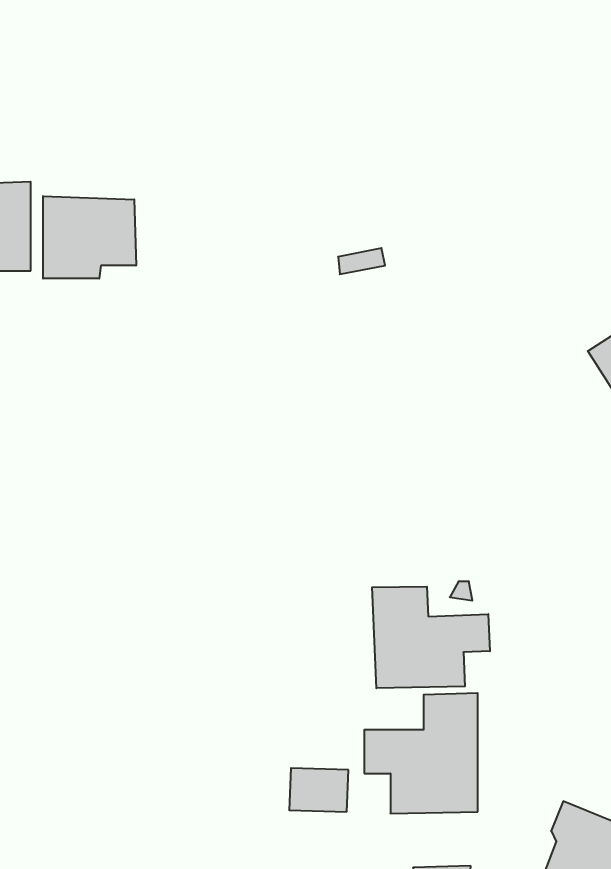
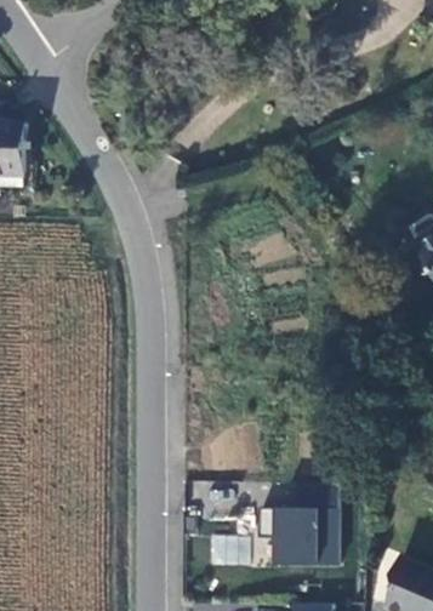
building: [43,196,136,279] -> none
building: [372,587,490,688] -> none

